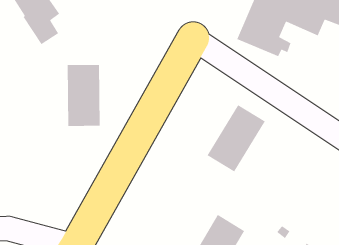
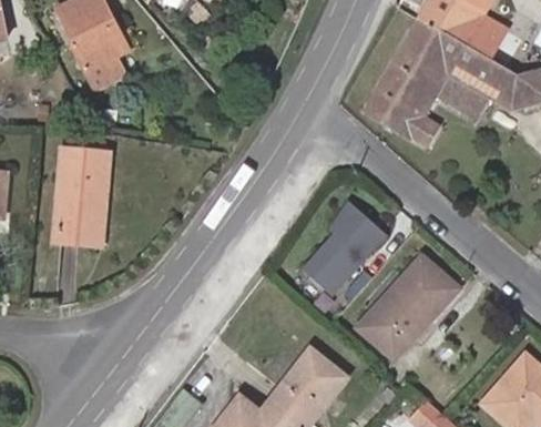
building: [67,64,100,127] -> [54,156,109,246]
building: none -> [359,256,458,357]

